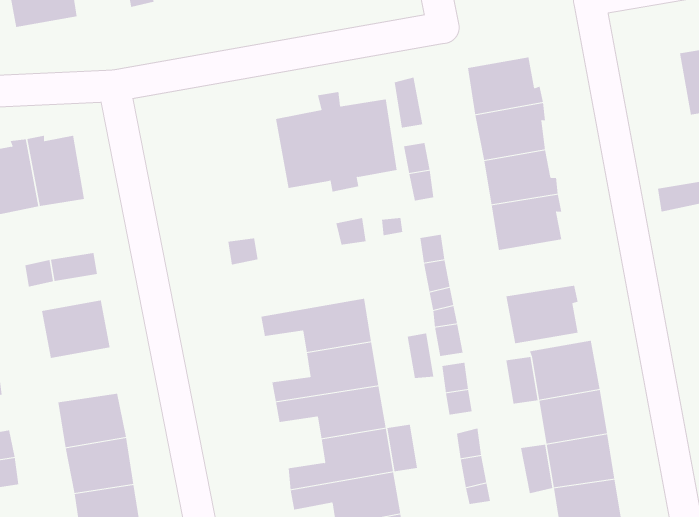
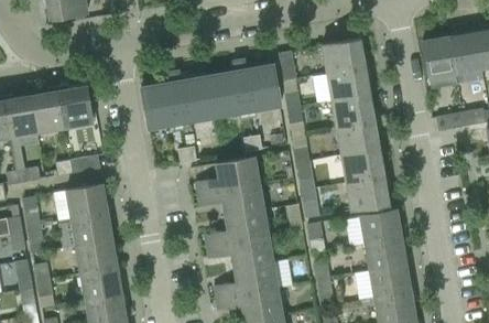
building: none -> [423,35,457,77]
building: none -> [141,71,215,131]
building: none -> [341,148,388,182]
building: none -> [196,157,261,194]
building: none -> [72,213,112,246]

